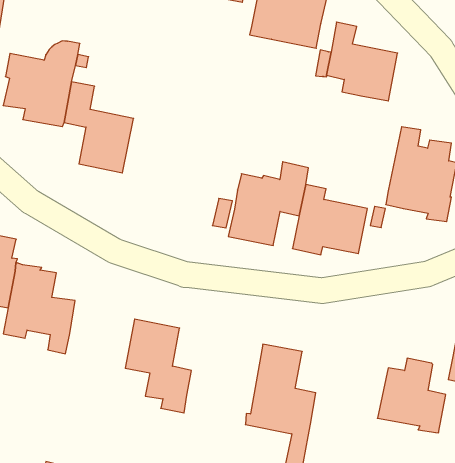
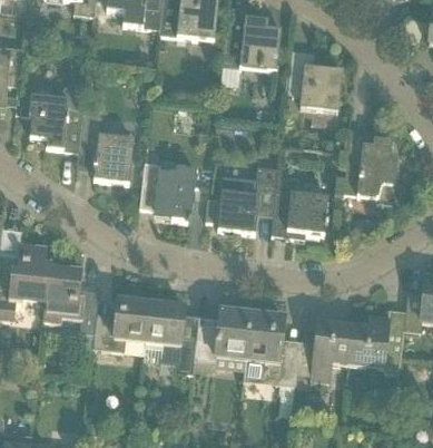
building: none -> [139,162,197,221]
building: none -> [92,298,148,350]
building: none -> [195,309,253,370]
building: none -> [296,320,355,381]

